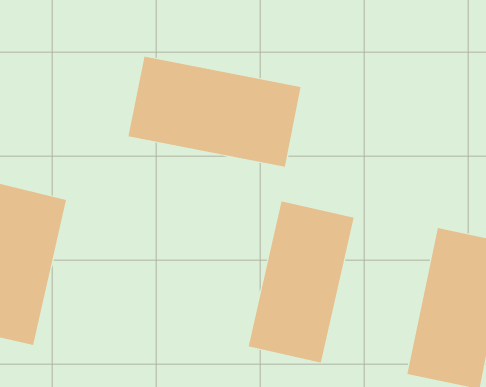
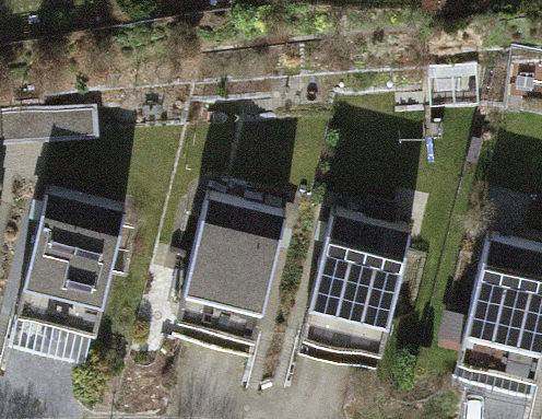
building: [128,56,301,168] -> none
building: none -> [179,194,281,353]

